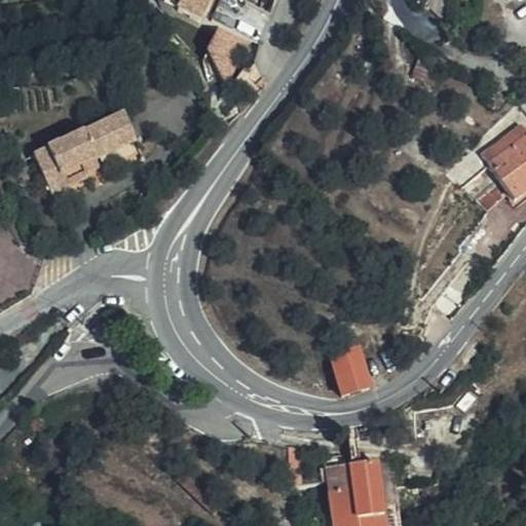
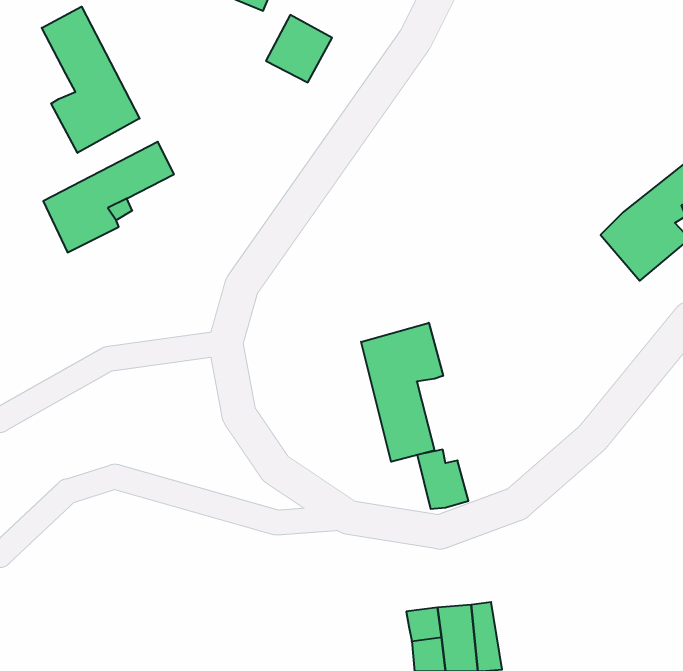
building: none -> [42,7,140,153]
building: none -> [361,323,443,462]

